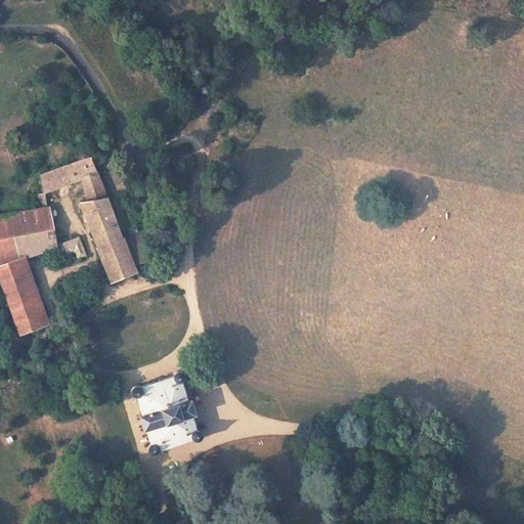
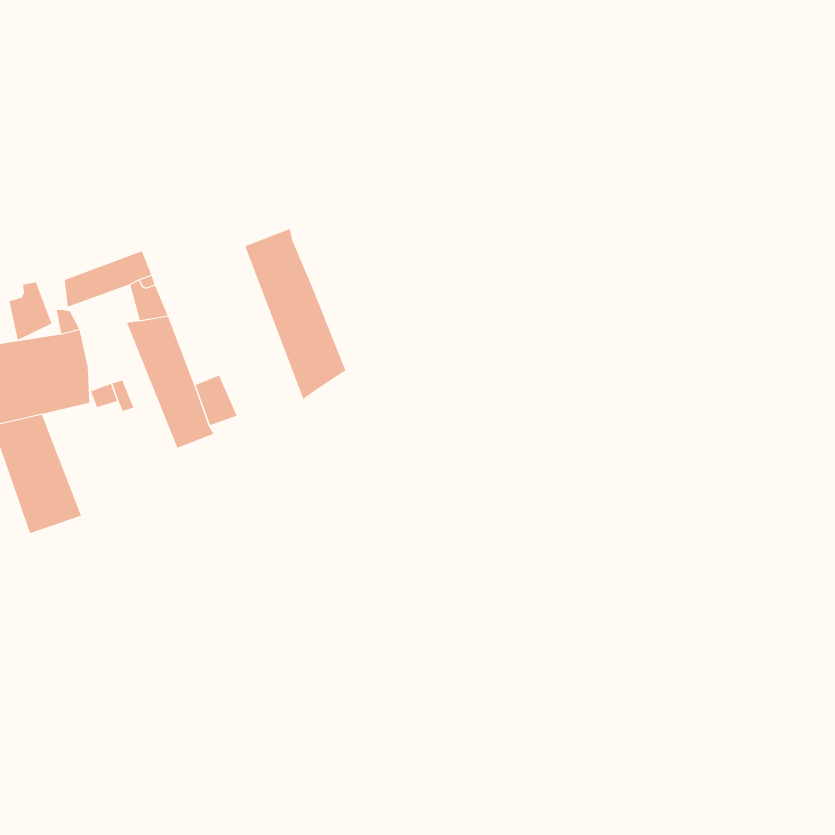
building: none -> [245,228,346,400]
building: none -> [9,282,52,341]
building: [129,372,201,454] -> none

